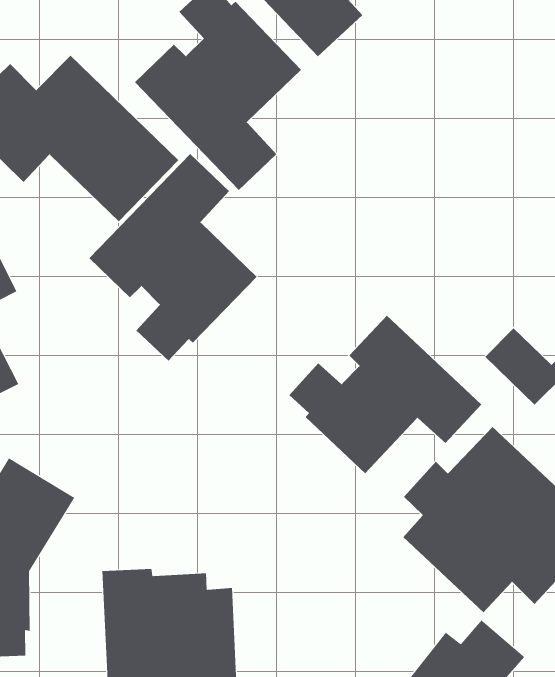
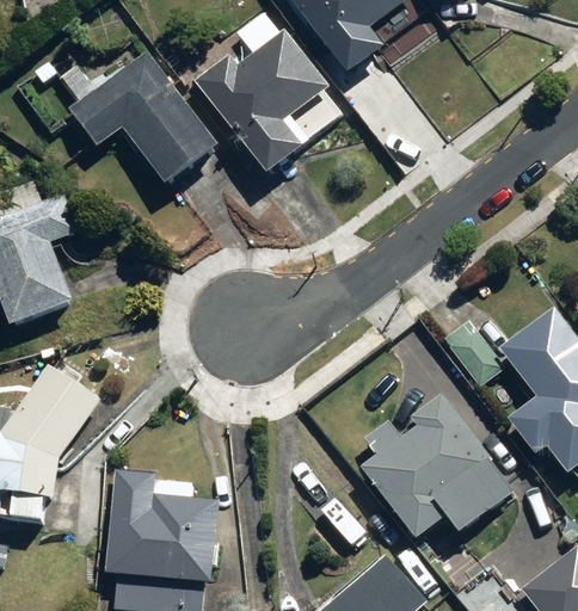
building: [88,153,257,362] -> none
building: [288,315,482,474] -> none

